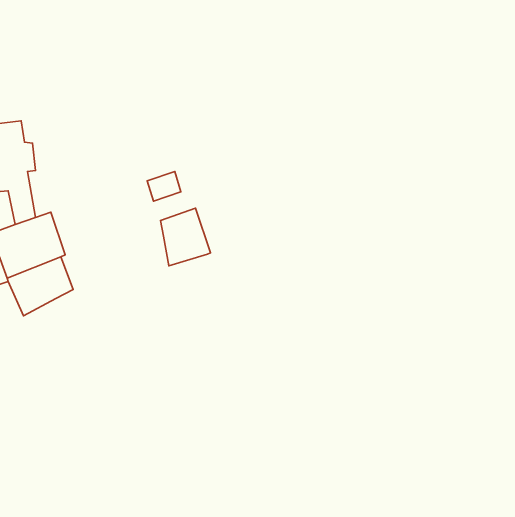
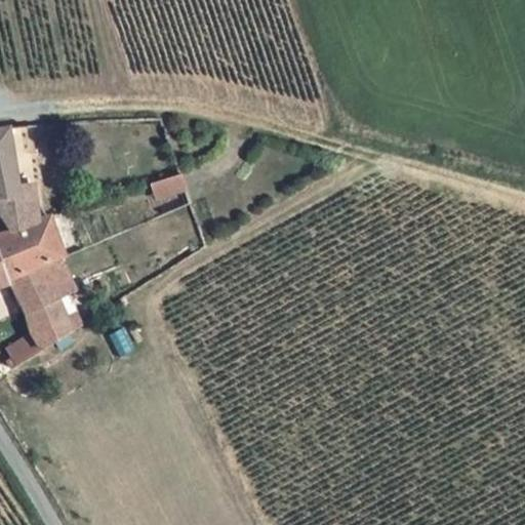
building: [161,208,211,266] -> none
building: none -> [5,301,72,366]

